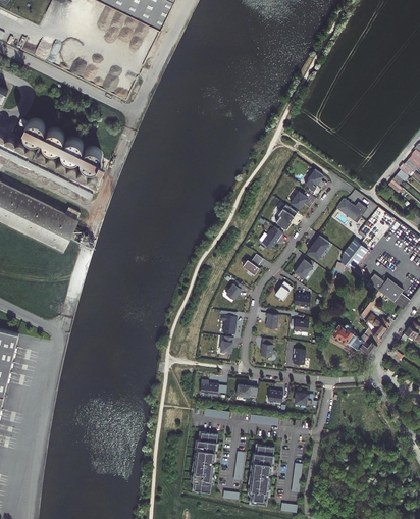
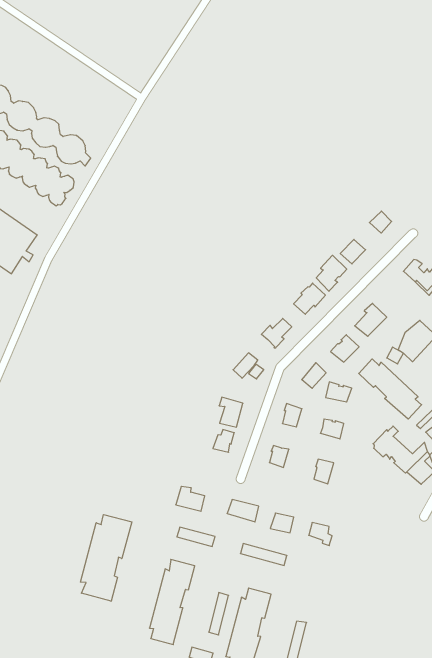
building: none -> [359,359,422,419]
building: none -> [80,515,132,601]

